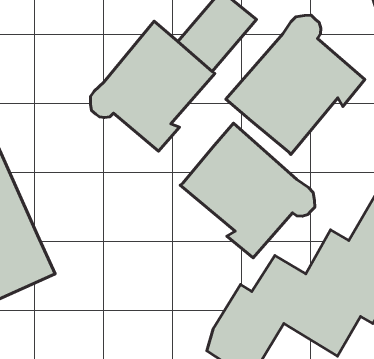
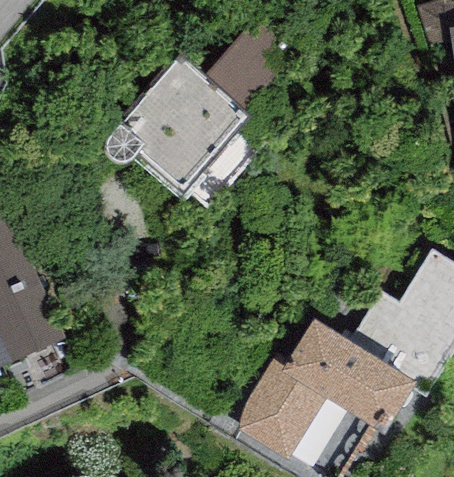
building: [226,15,365,154] -> none
building: [180,123,315,258] -> none

